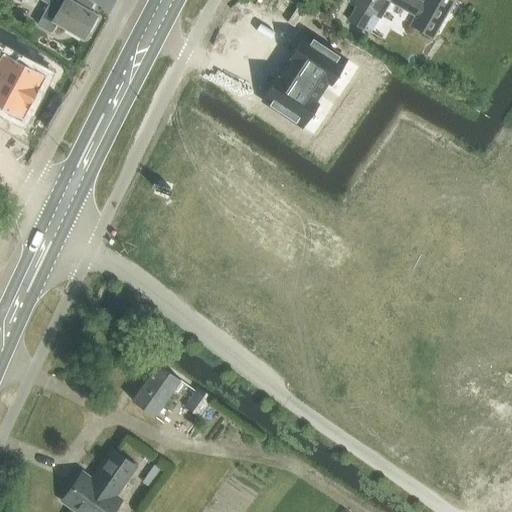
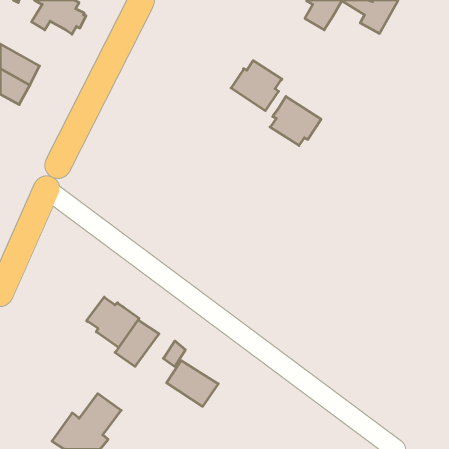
building: [288,34,346,90] -> [270,96,321,146]
building: none -> [87,297,139,347]
building: none -> [167,361,218,406]

